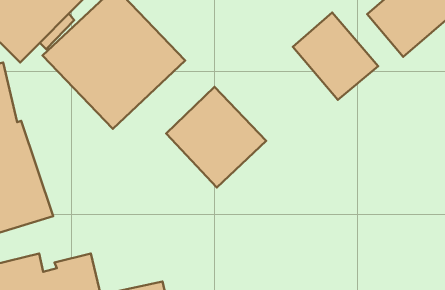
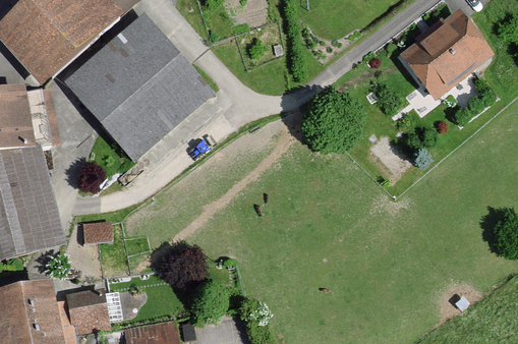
building: [293,13,378,100] -> none
building: [166,87,266,187] -> none

